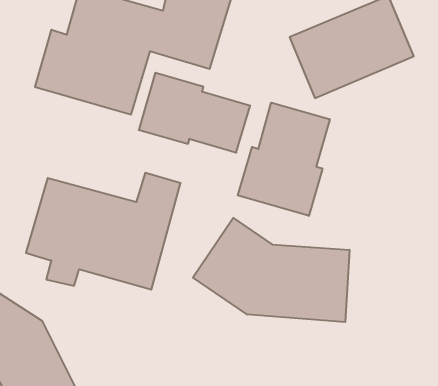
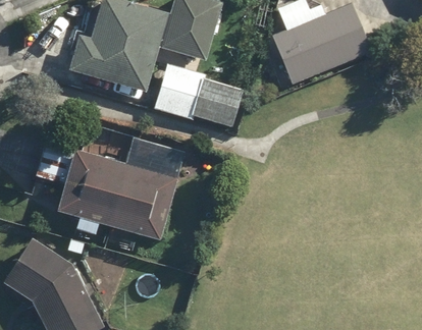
building: [238,103,330,216] -> none
building: [193,218,349,322] -> none

